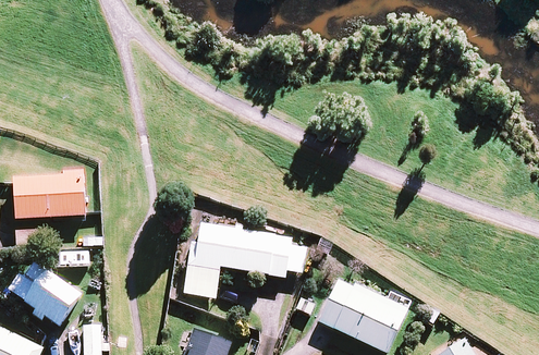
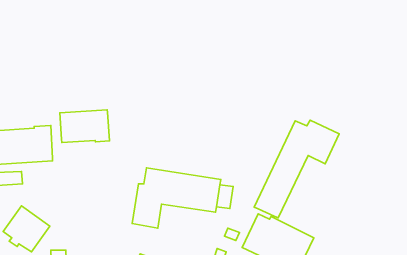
building: none -> [60,110,109,142]
building: none -> [254,120,339,218]

